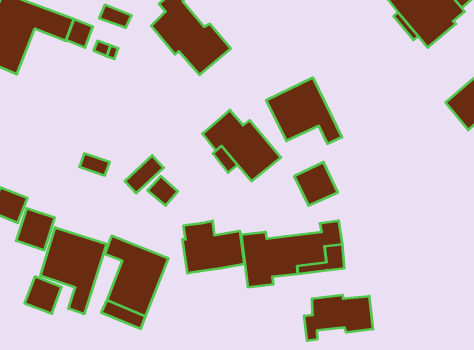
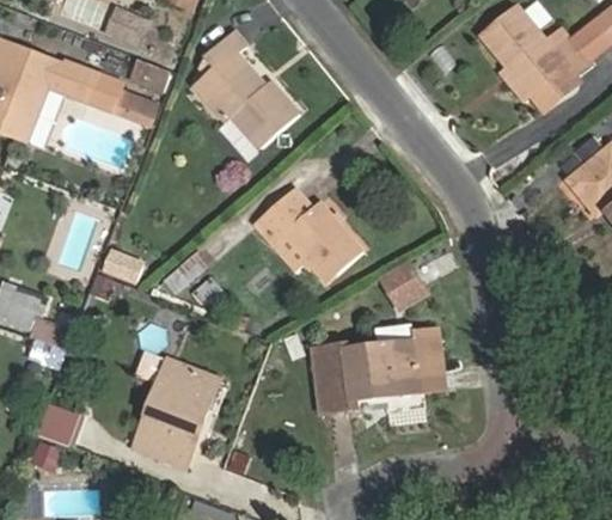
building: [266,78,342,144] -> none
building: [183,221,244,273] -> none
building: [40,227,107,314] -> none
building: [304,295,373,341] -> none

